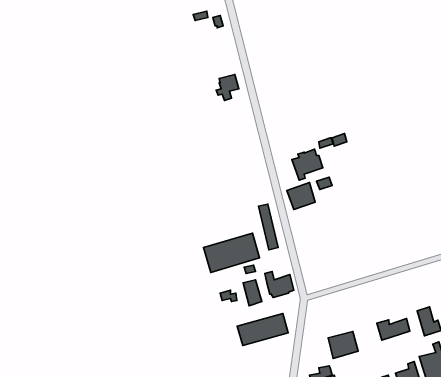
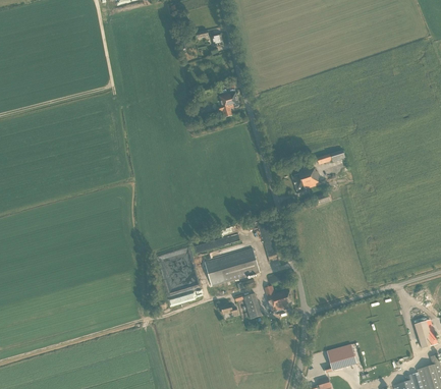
building: [287,182,315,210] -> none
building: [237,314,288,345] -> none
building: [377,319,410,340] -> none

